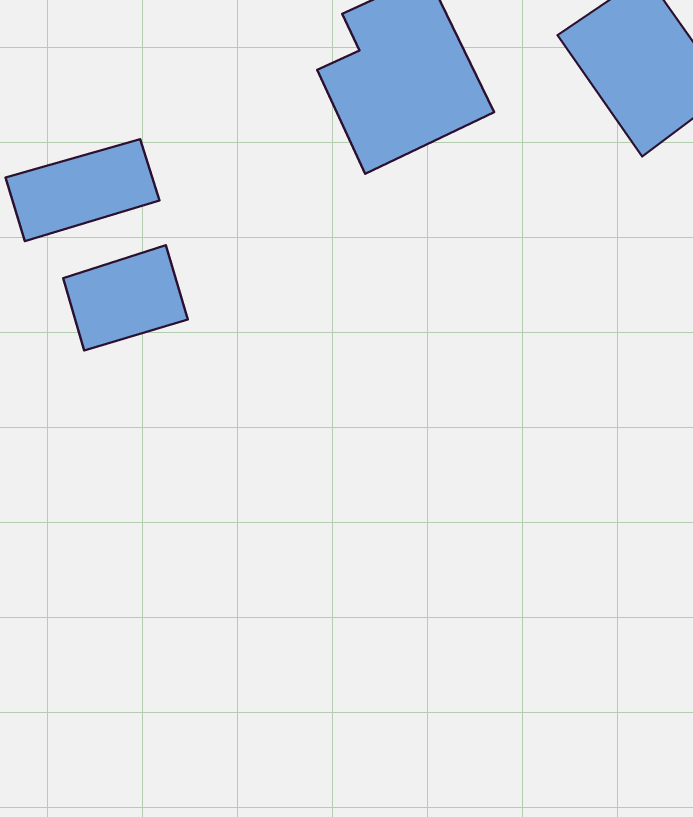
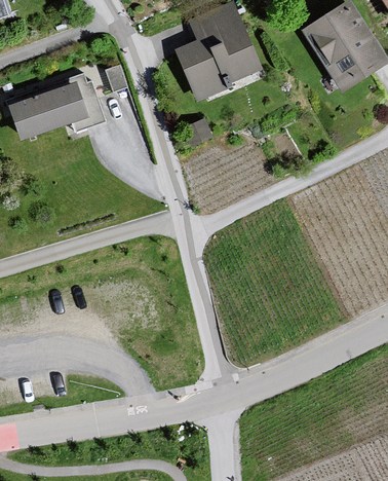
building: [63,245,188,351] -> none

